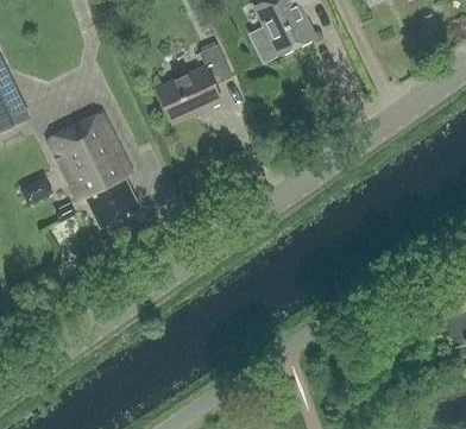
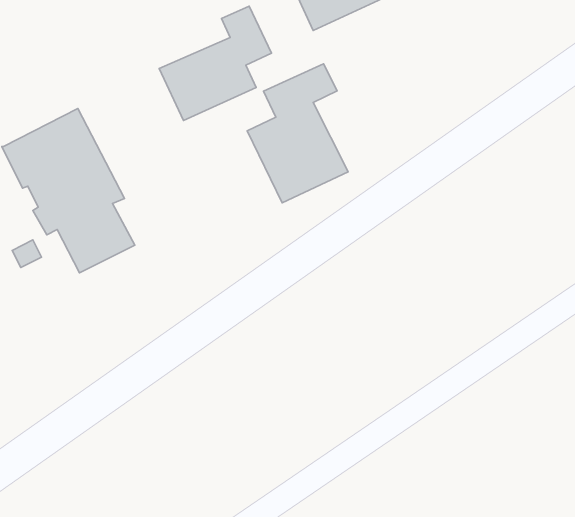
building: none -> [247,64,348,203]

